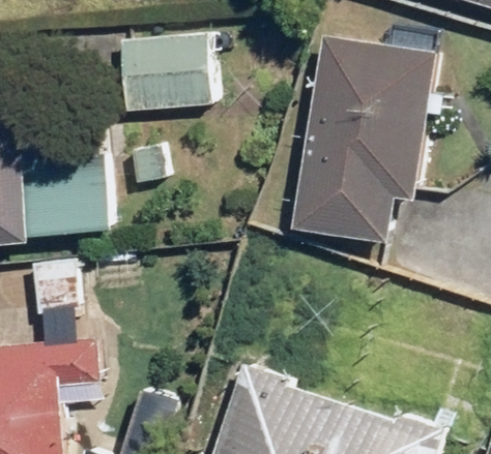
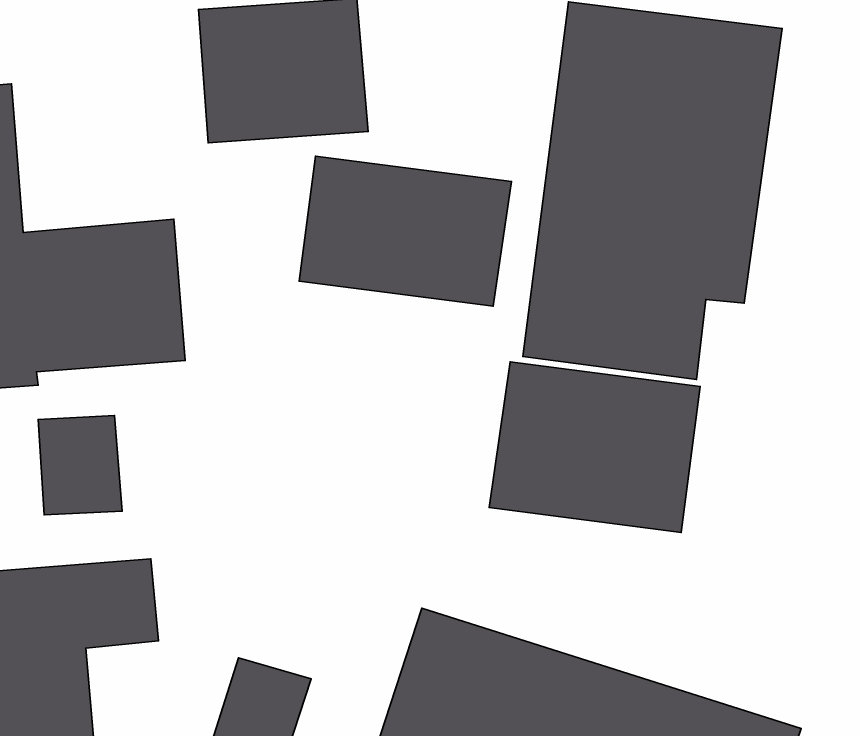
building: none -> [299,156,512,306]
building: none -> [489,362,700,532]

